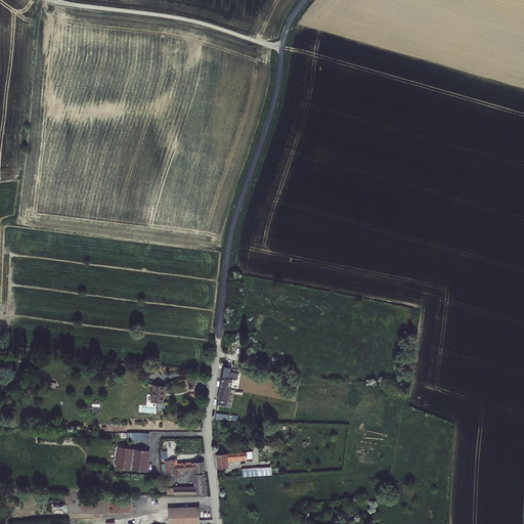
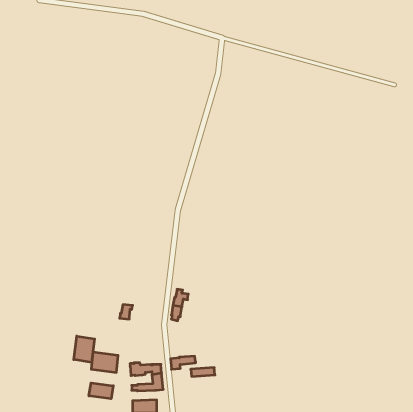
building: none -> [74,336,95,362]
building: none -> [89,383,113,399]

